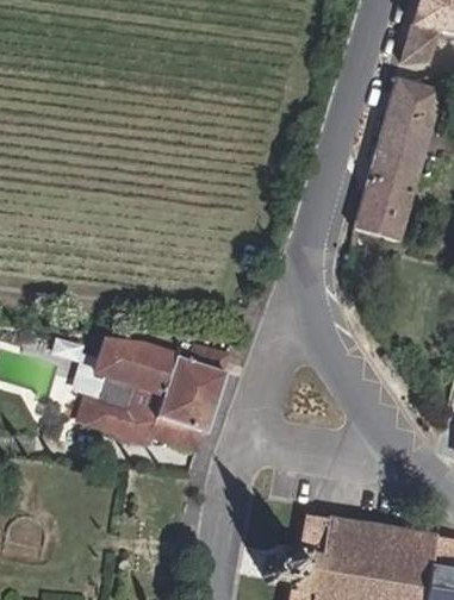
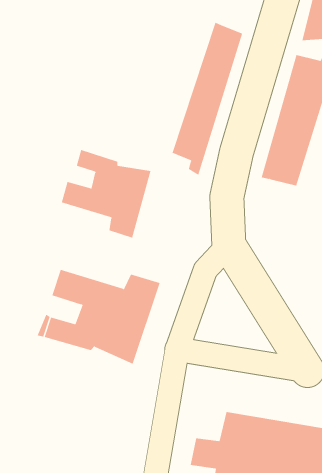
building: none -> [172,22,243,176]
building: none -> [61,149,151,238]

